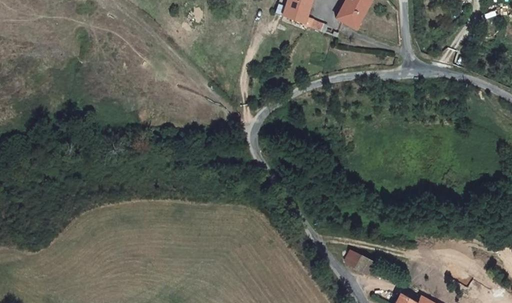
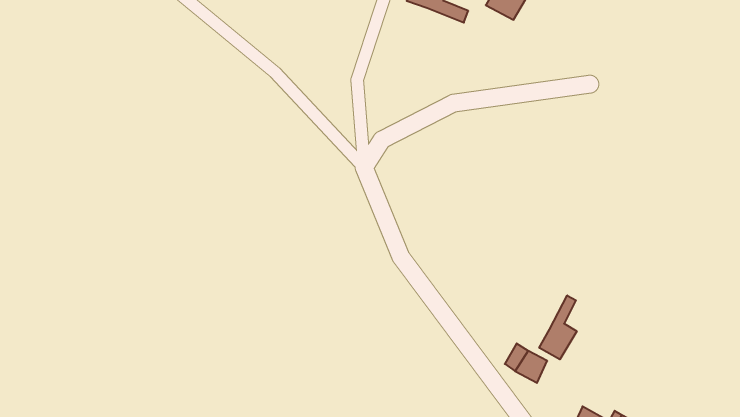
building: none -> [539,295,577,359]

